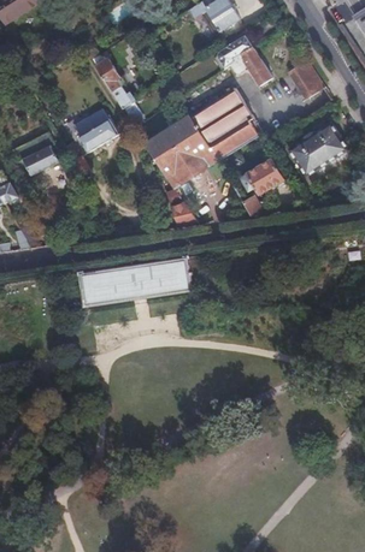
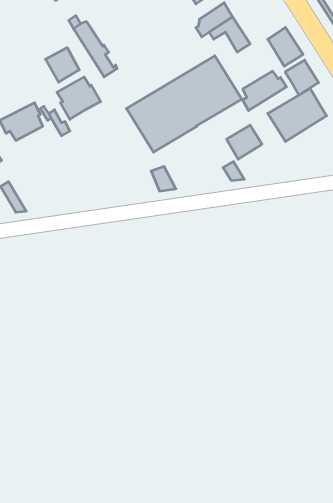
building: none -> [45,48,79,82]
building: none -> [286,60,319,95]
building: none -> [243,71,286,111]
building: [78,254,205,305] -> none

